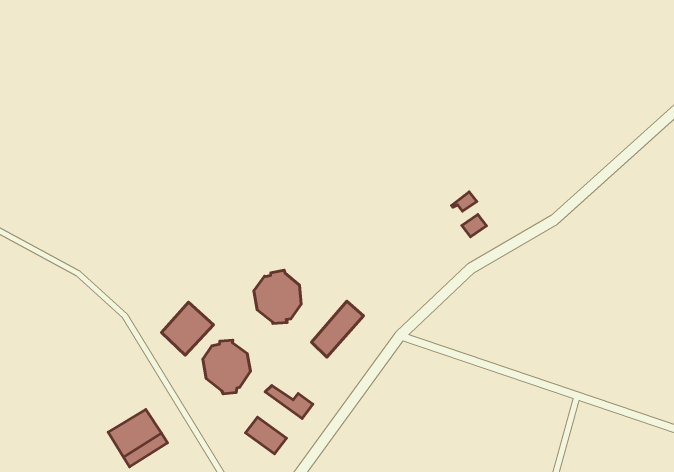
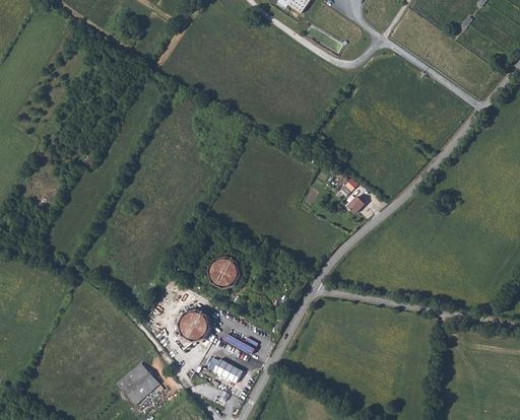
building: [311,301,364,357] -> none
building: [162,302,213,355] -> none

